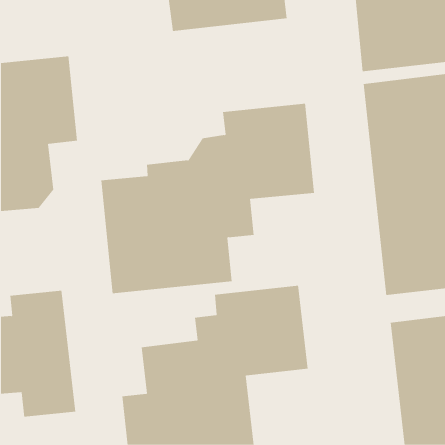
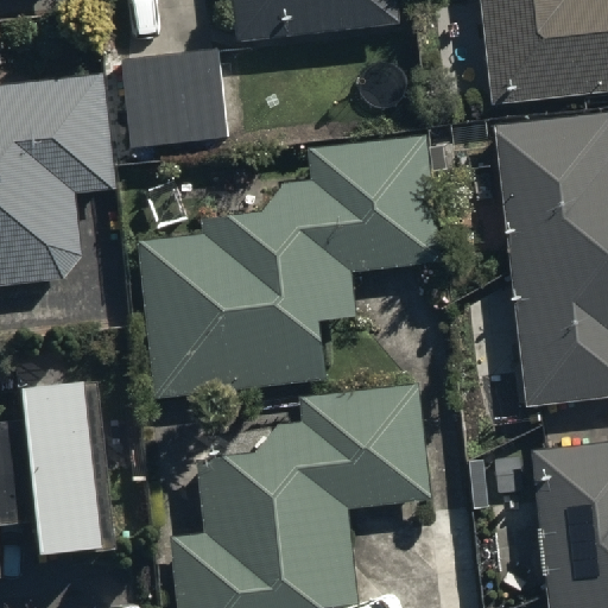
building: none -> [127,44,229,138]

